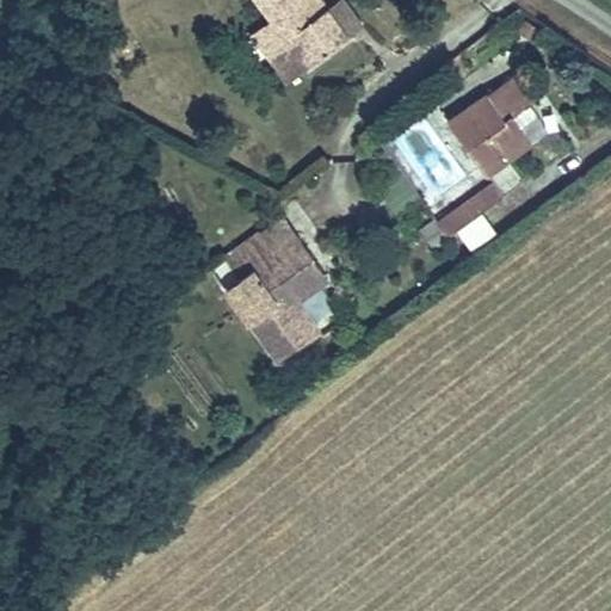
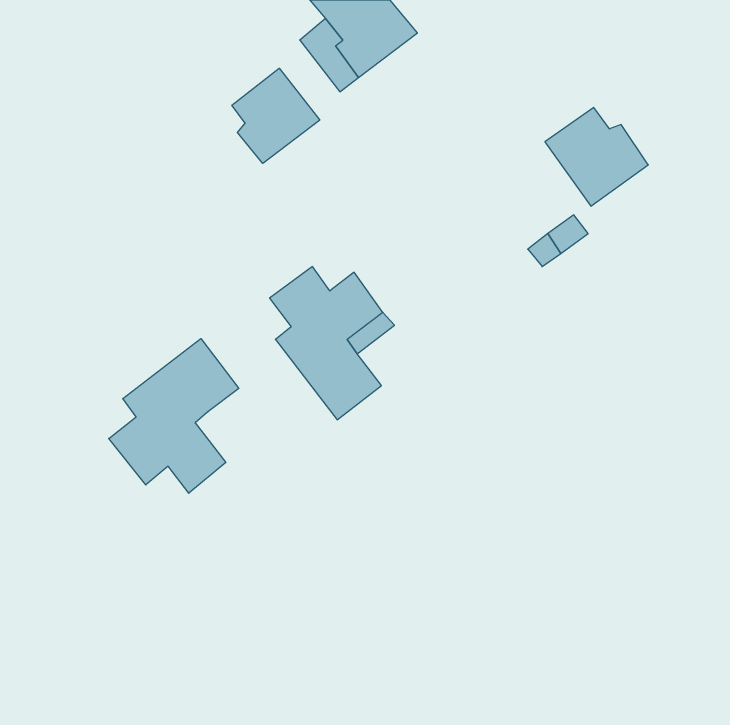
building: none -> [232,68,320,163]
building: none -> [109,339,239,493]

